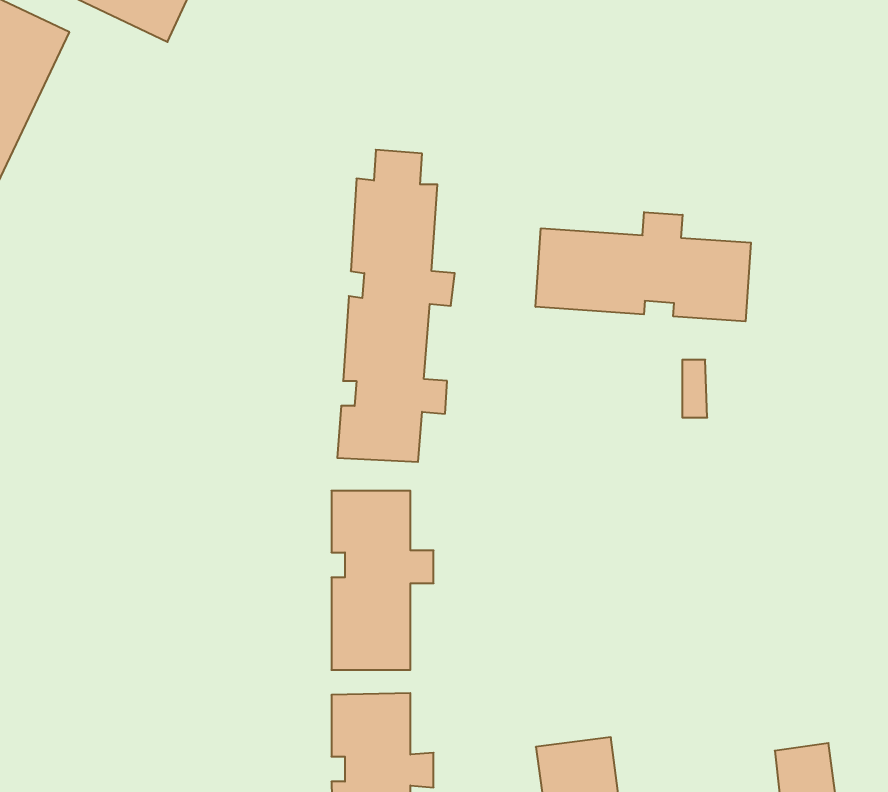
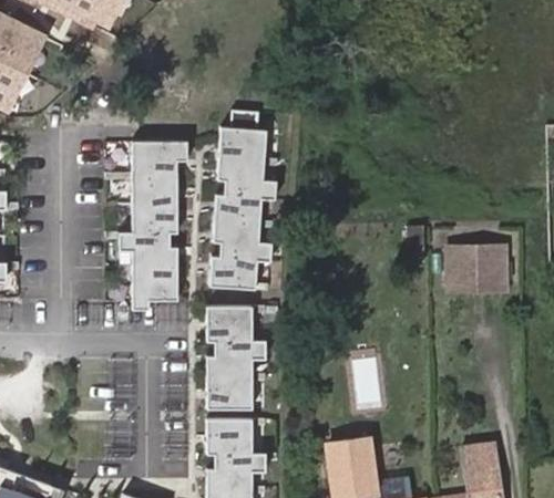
building: [536,212,751,321] -> none
building: none -> [117,139,185,309]
building: none -> [444,249,503,292]

